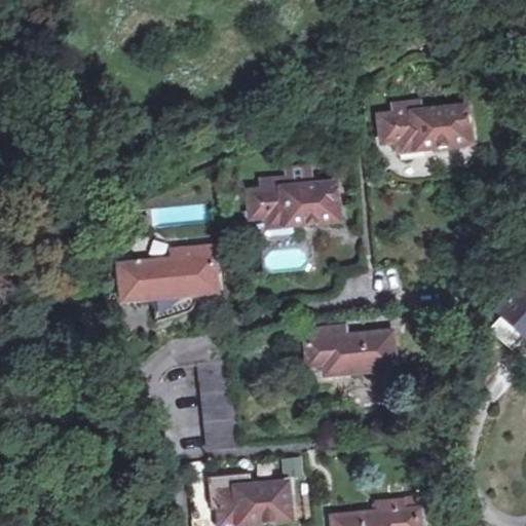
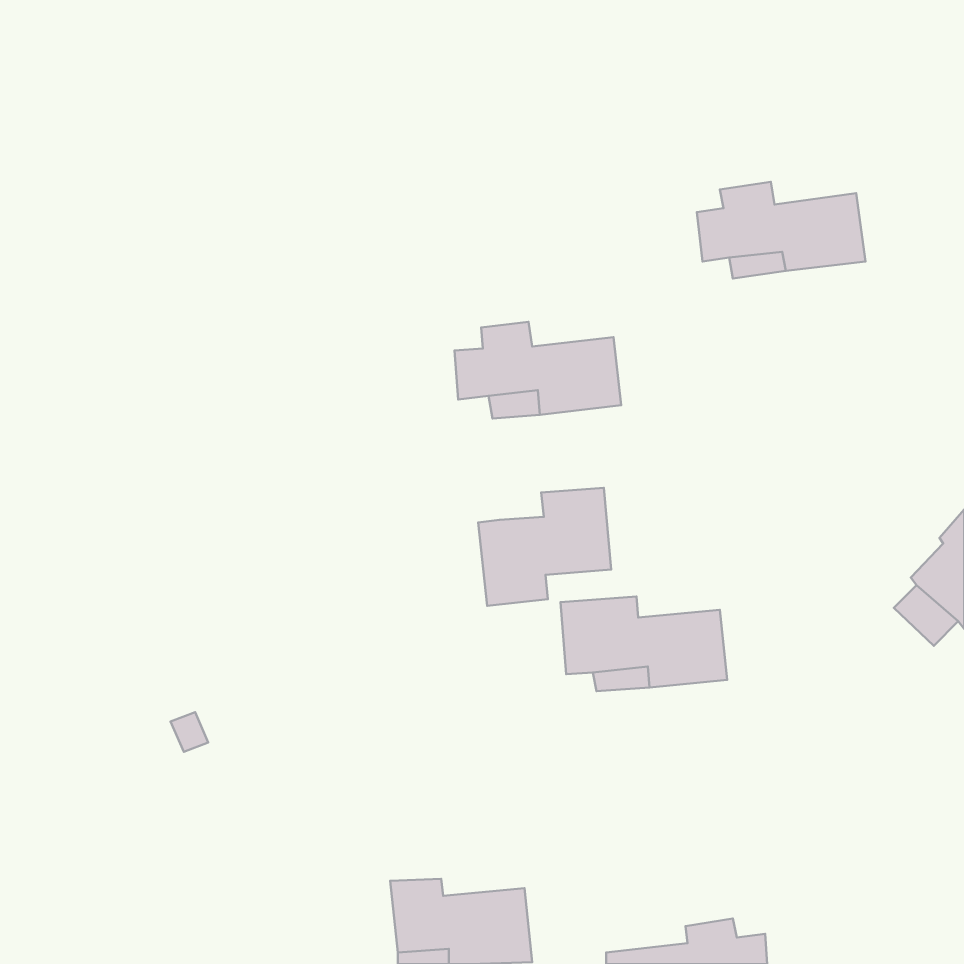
building: [117,241,215,322] -> none
building: none -> [478,488,611,606]
building: [198,359,238,450] -> none

